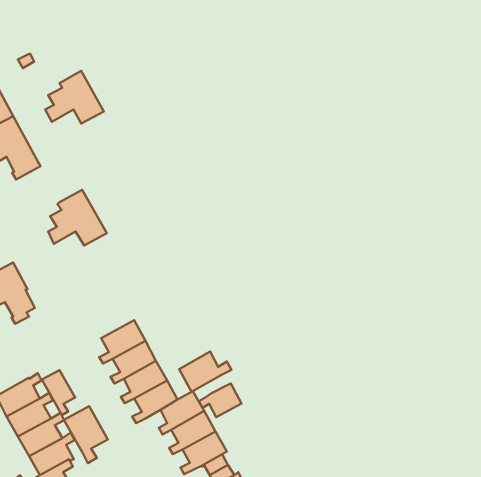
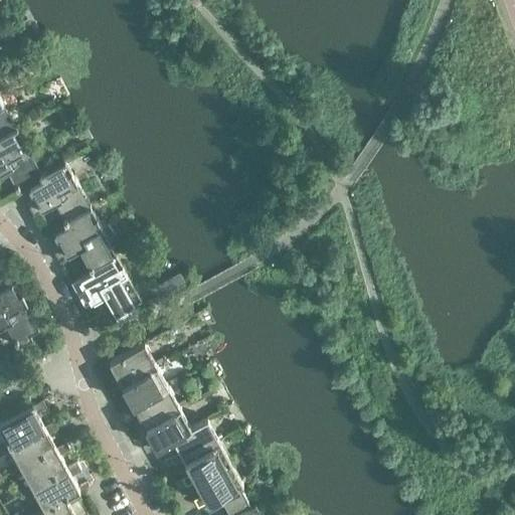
building: [45,71,104,124] -> [25,165,88,221]
building: none -> [76,254,141,323]
building: [179,352,232,392] -> none
building: [42,370,75,415] -> none
building: [199,383,241,417] -> none
building: [64,406,108,463] -> none

